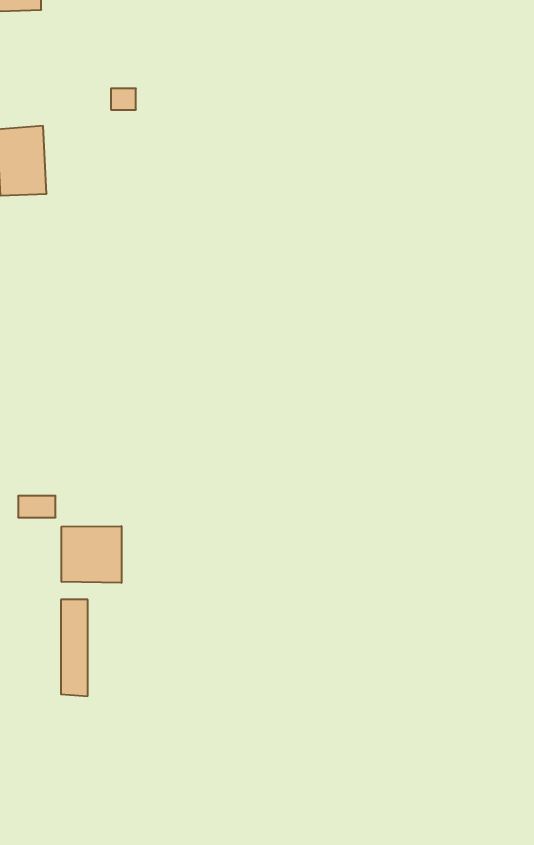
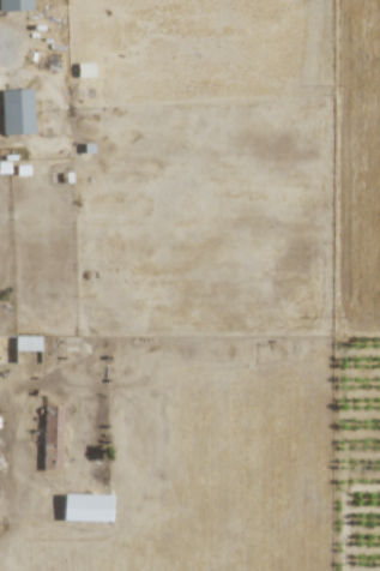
building: [62,526,121,583] -> none
building: none -> [65,494,113,521]

